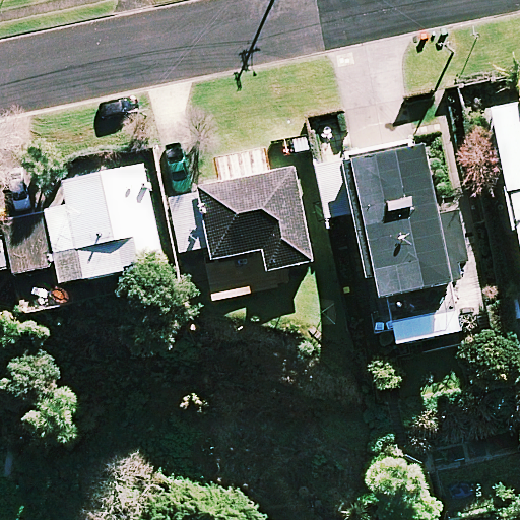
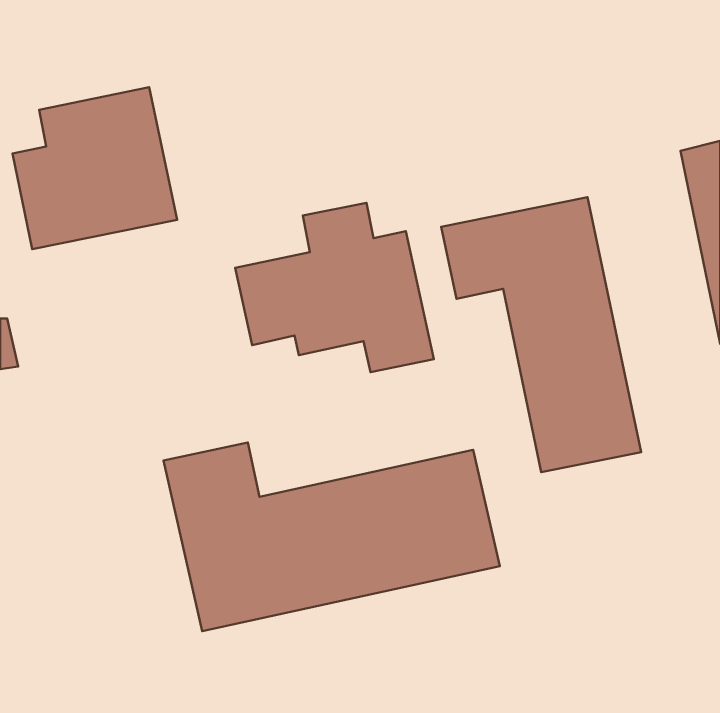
building: [45,162,164,279] -> [12,87,177,249]
building: none -> [164,443,500,631]

